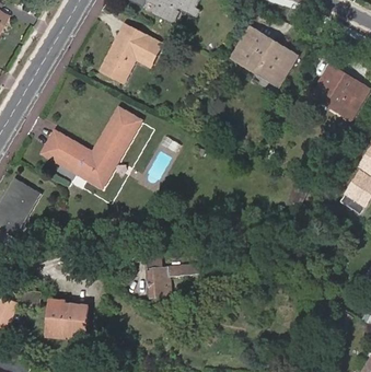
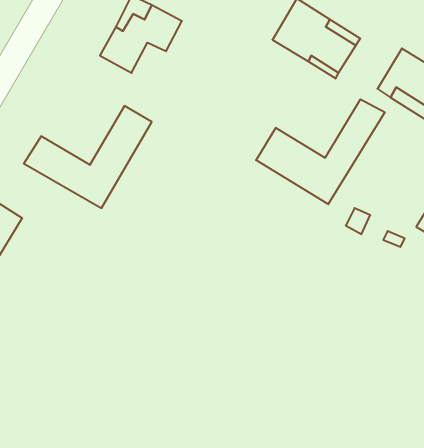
building: none -> [256,99,385,204]
building: [147,257,200,297] -> none
building: [48,300,88,336] -> none

